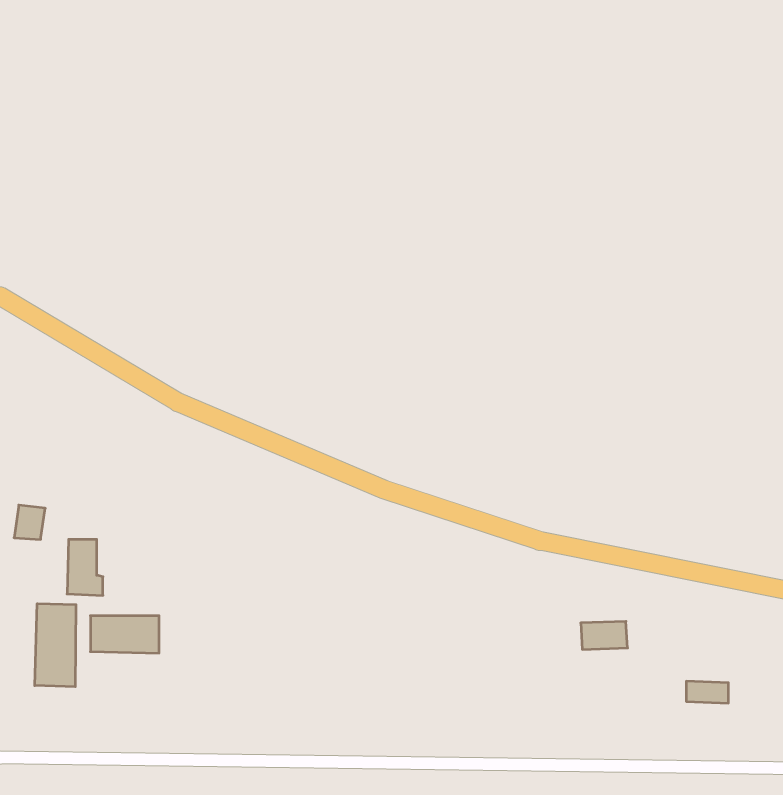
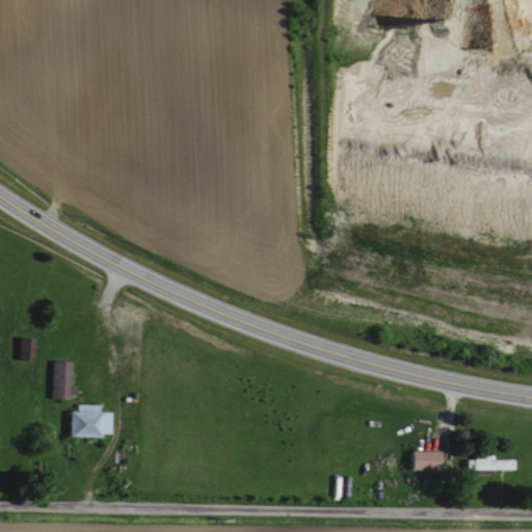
building: [35,604,76,687] -> none
building: [581,621,628,649] -> [410,451,442,470]

